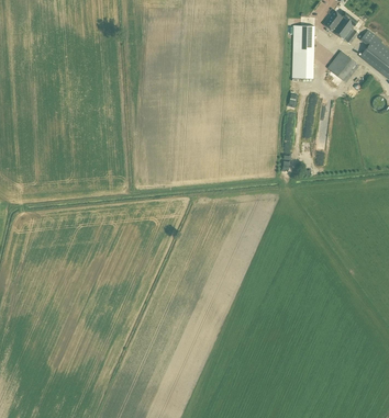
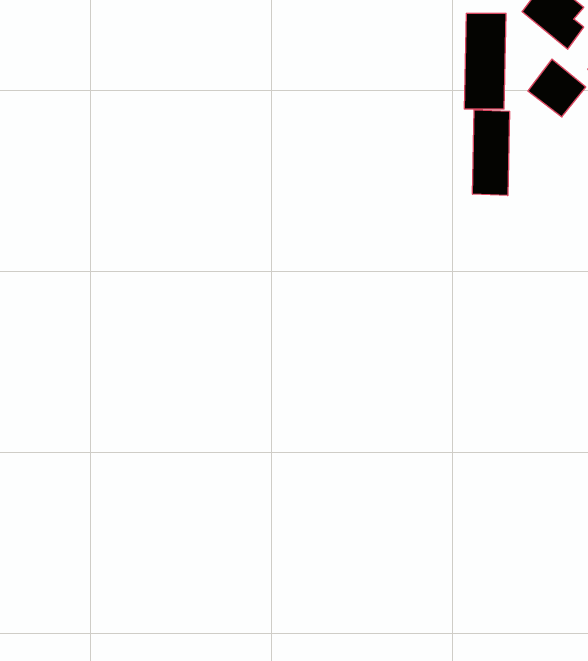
building: none -> [473,110,510,196]

